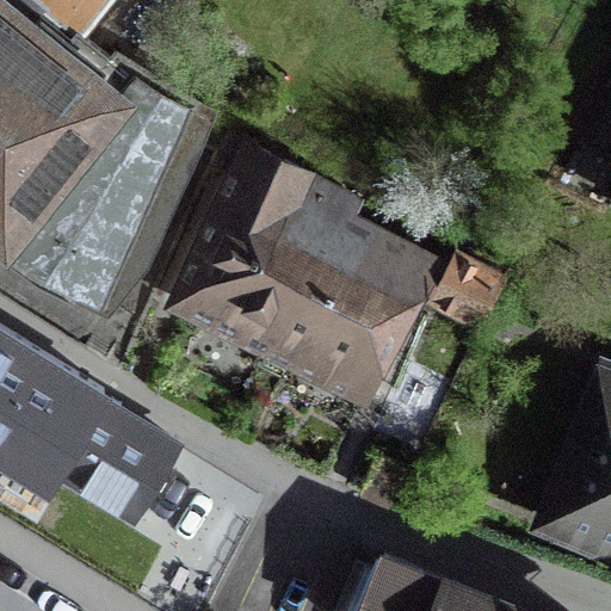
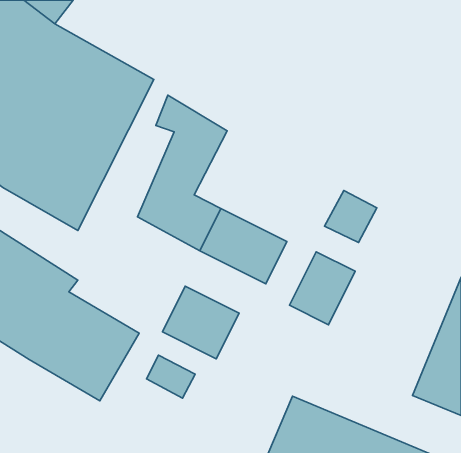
building: [253,190,401,334] -> none
building: none -> [289,252,355,325]
building: none -> [162,286,239,359]

